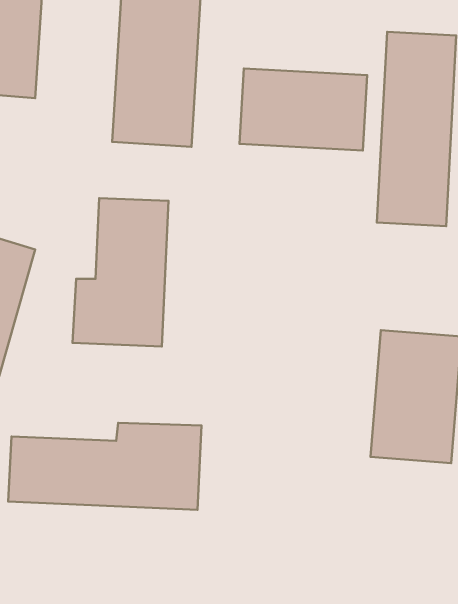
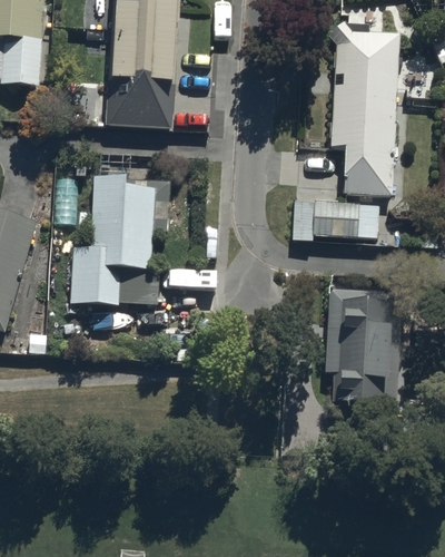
building: [240,68,367,151] -> none
building: none -> [291,208,378,250]
building: [8,423,201,510] -> none

